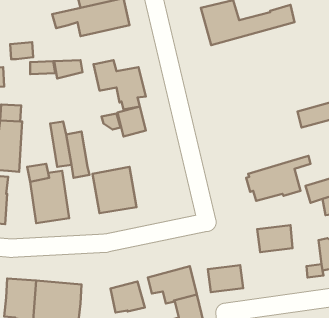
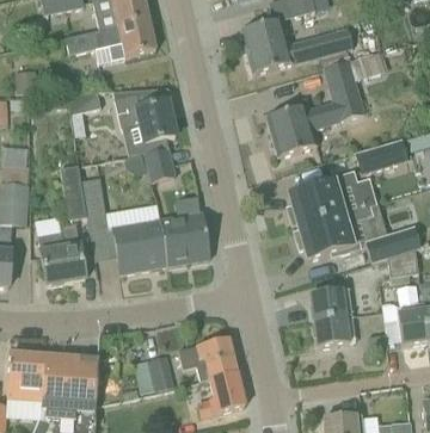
building: none -> [266,50,385,156]
building: none -> [288,172,356,227]
building: none -> [156,211,209,266]
building: [208,265,243,292] -> [312,315,354,347]

